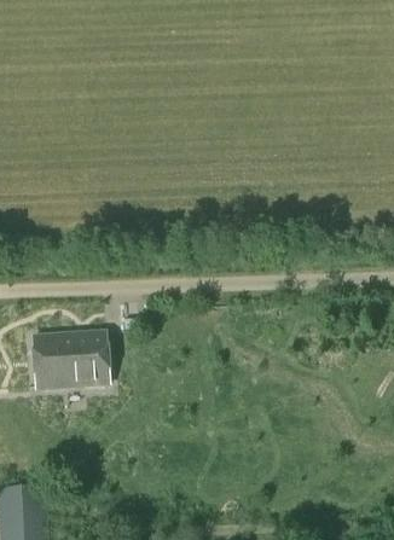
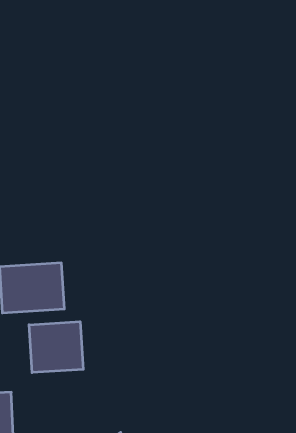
building: none -> [29,322,83,373]

